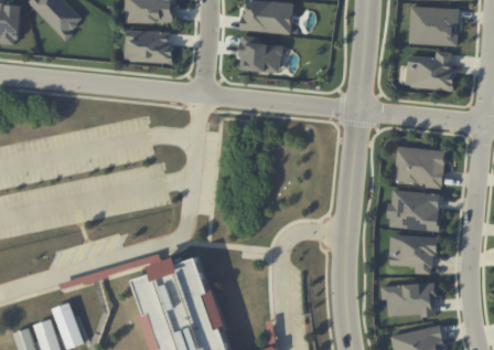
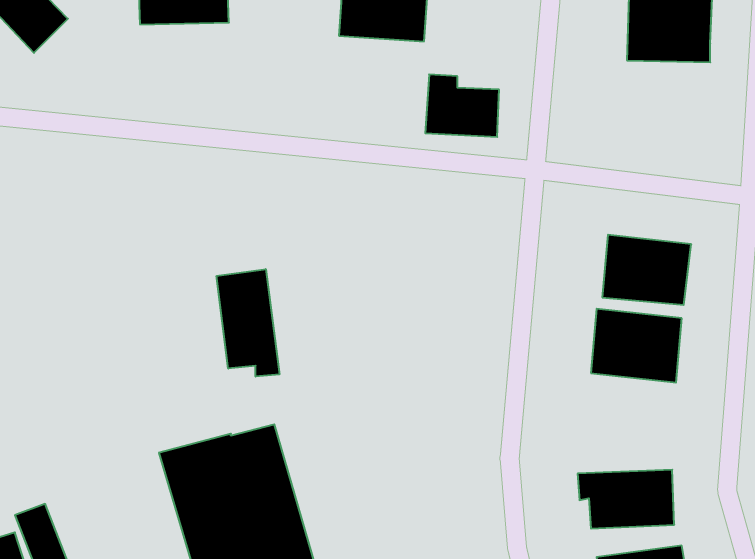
building: [125,30,171,63] -> none
building: [238,35,281,72] -> [425,74,499,137]
building: [406,52,452,89] -> none
building: none -> [217,269,279,377]
building: [388,235,434,274] -> none

